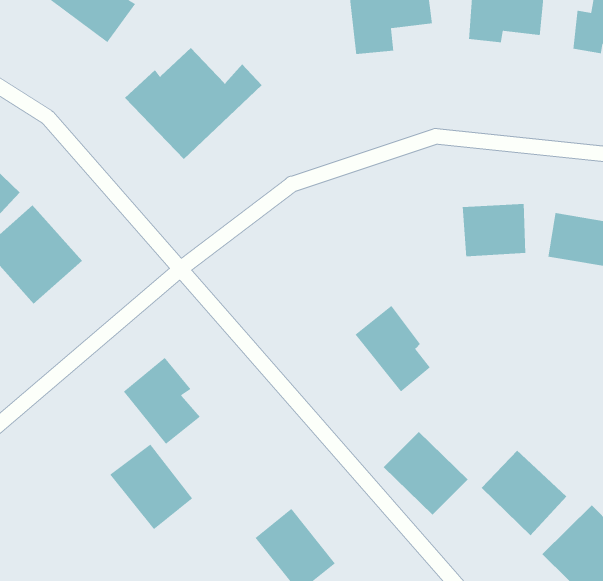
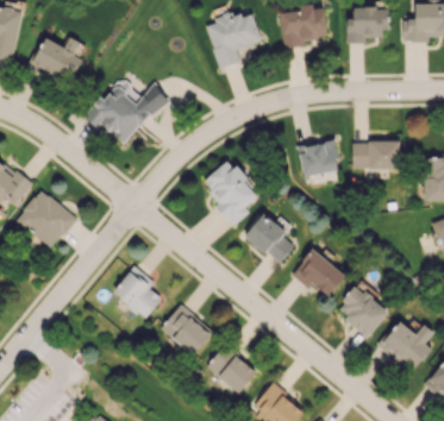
building: none -> [200,159,257,225]
building: [383,431,469,516] -> [293,250,345,299]
building: [109,443,193,530] -> [160,304,212,356]

